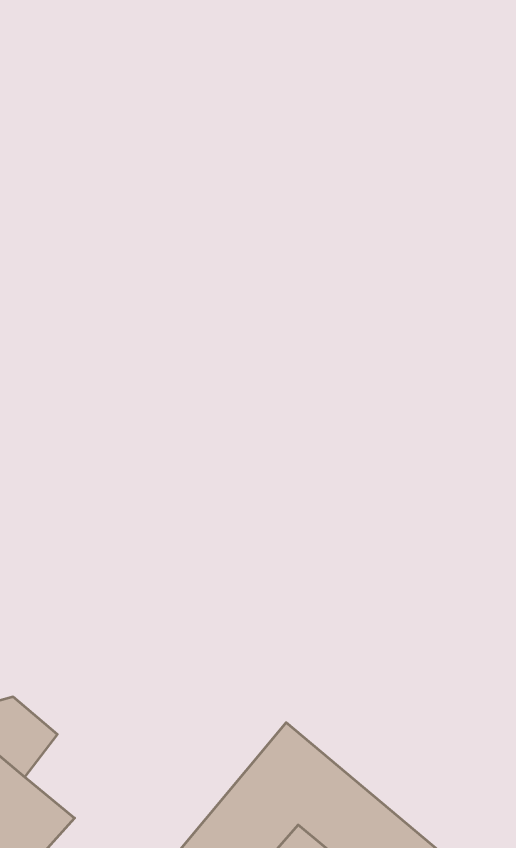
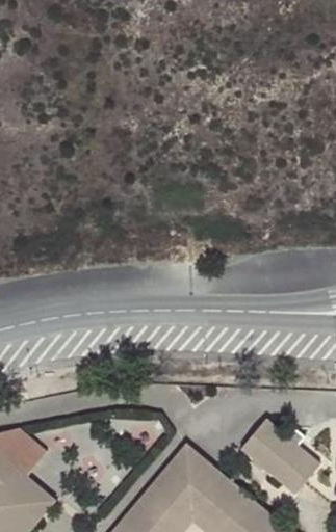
building: none -> [237,416,319,495]

